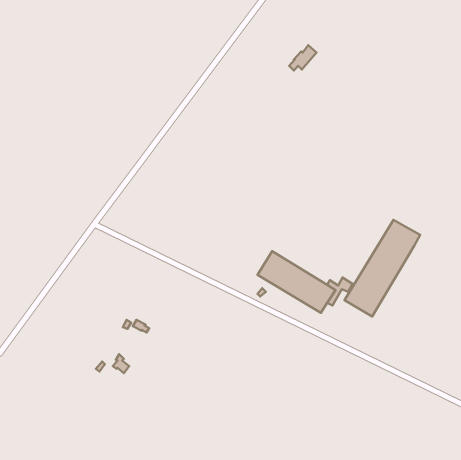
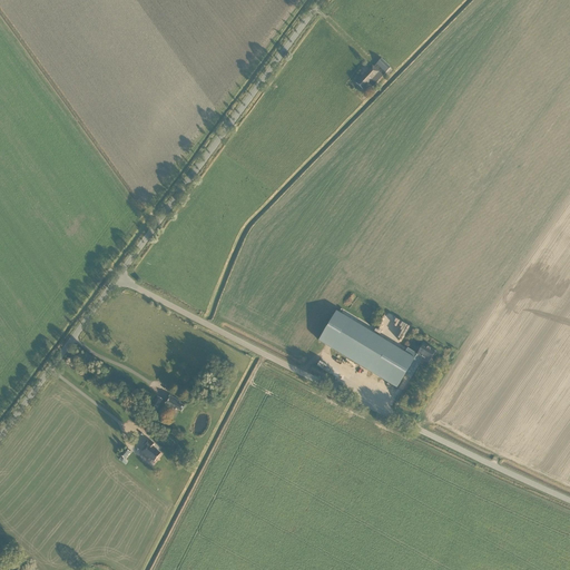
building: [345,220,420,316] -> none

